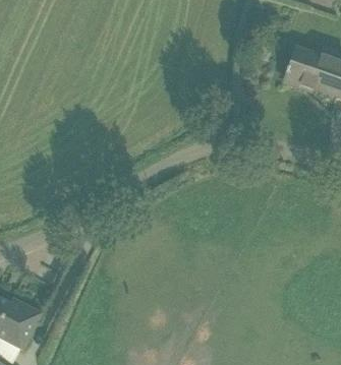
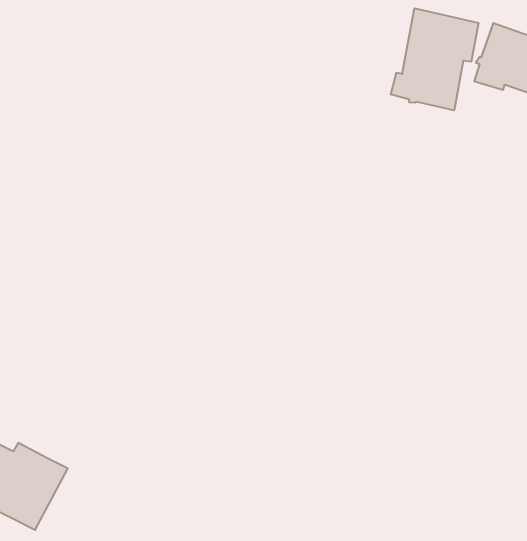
building: none -> [391,8,479,110]

